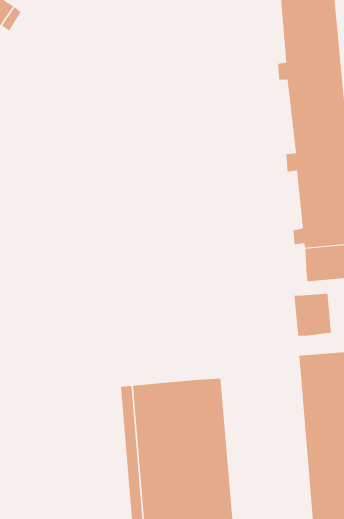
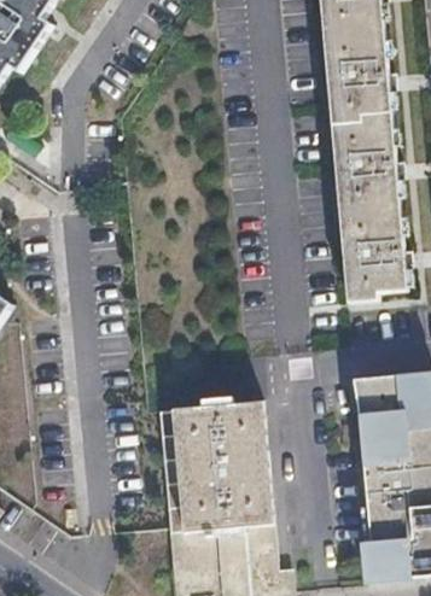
building: [294,293,331,337] -> none

